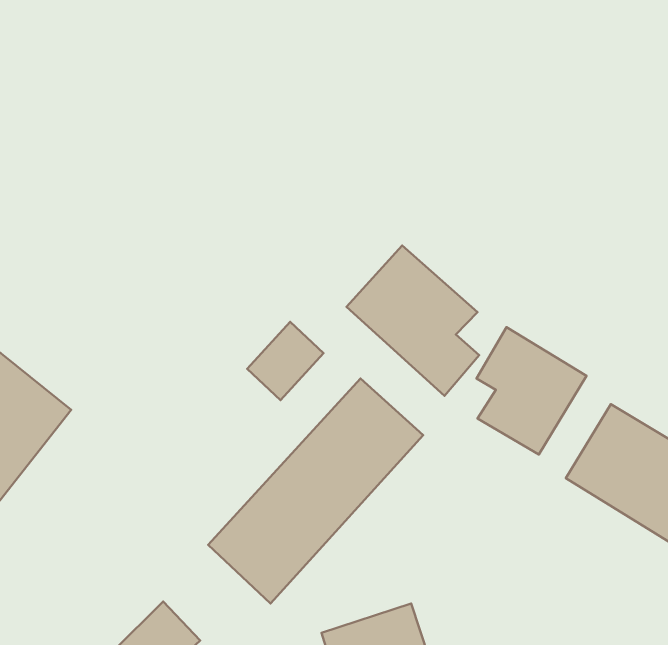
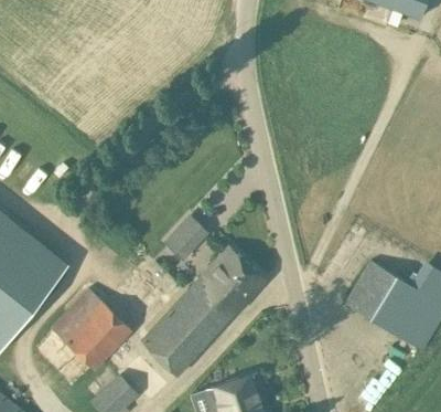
building: [346,246,479,396] -> none
building: [477,327,586,454] -> none
building: none -> [45,286,129,370]

